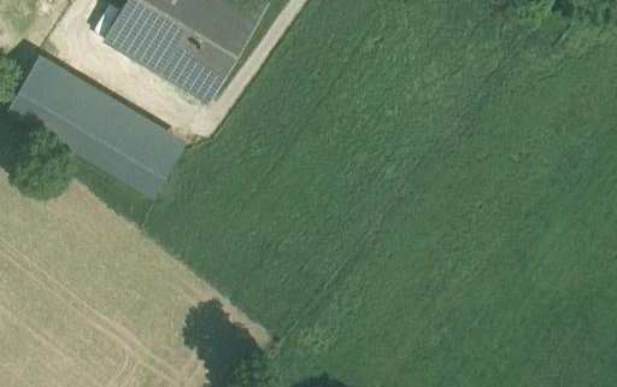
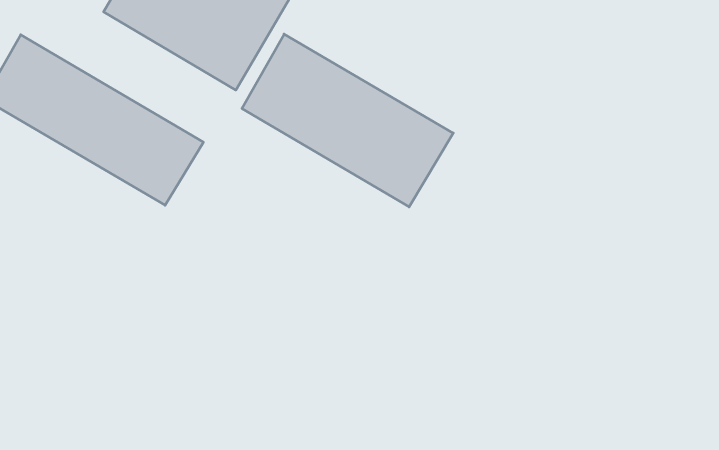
building: none -> [242,34,453,207]

